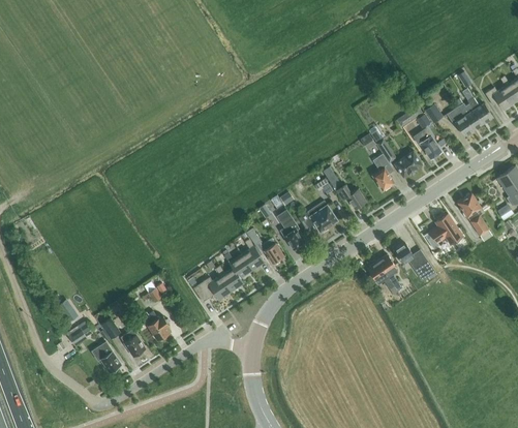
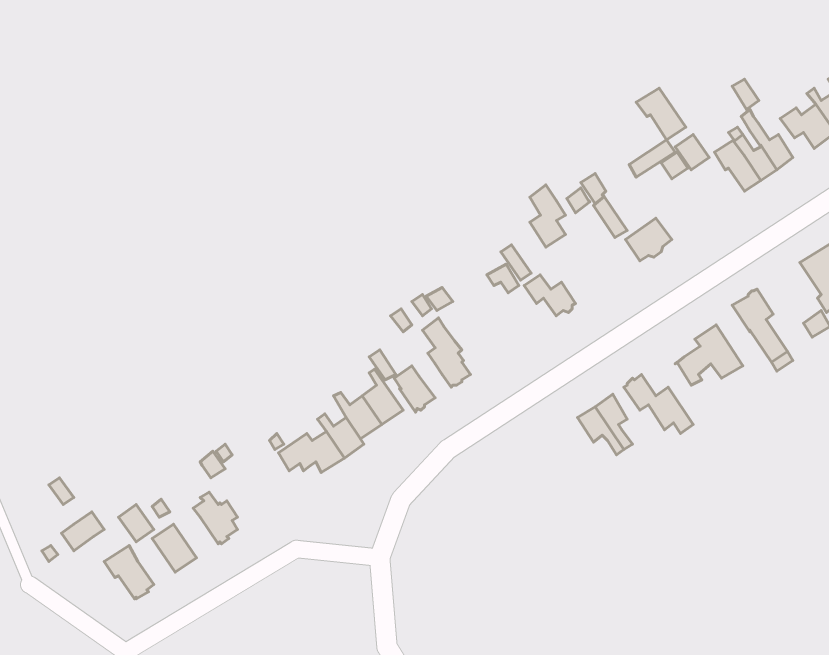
building: [413,129,441,159] -> [636,88,686,140]
building: [373,154,394,190] -> [530,185,565,247]
building: [299,201,337,234] -> none

